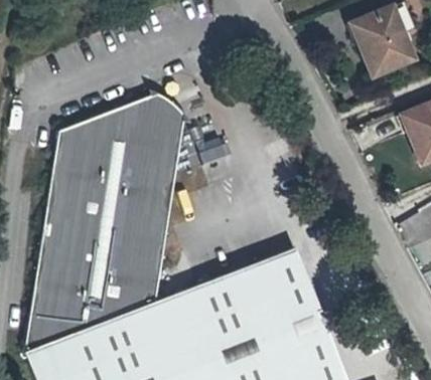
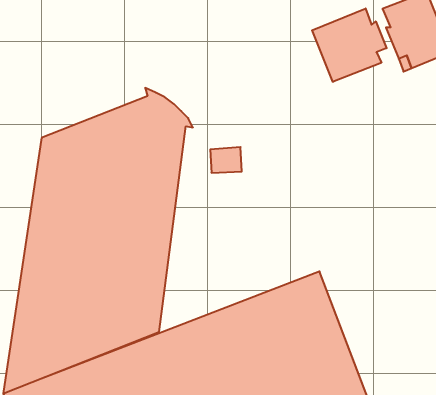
building: none -> [312,8,387,82]

